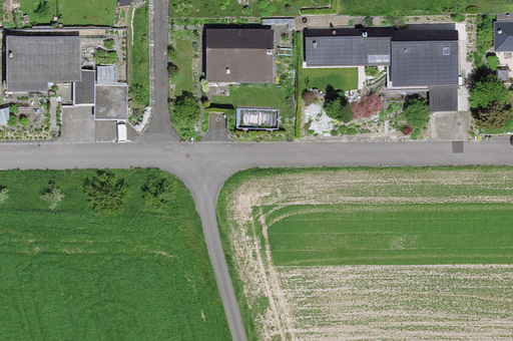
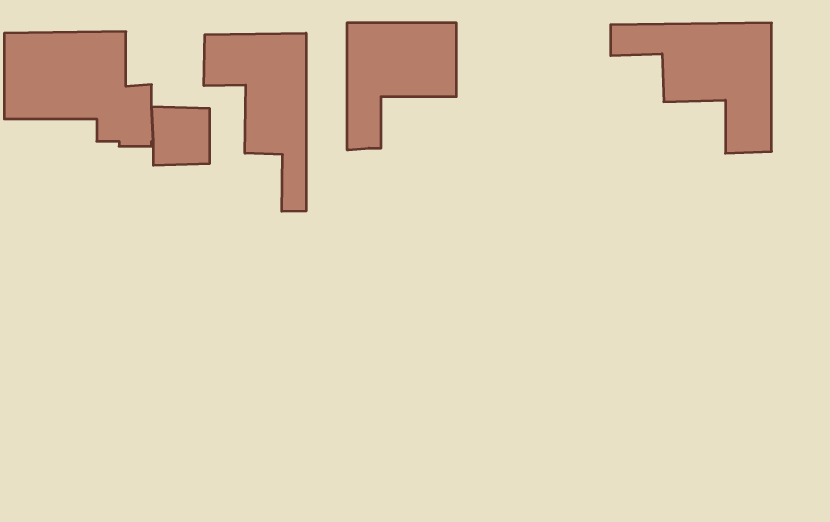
building: [307,36,355,61] -> none
building: none -> [204,33,306,211]

